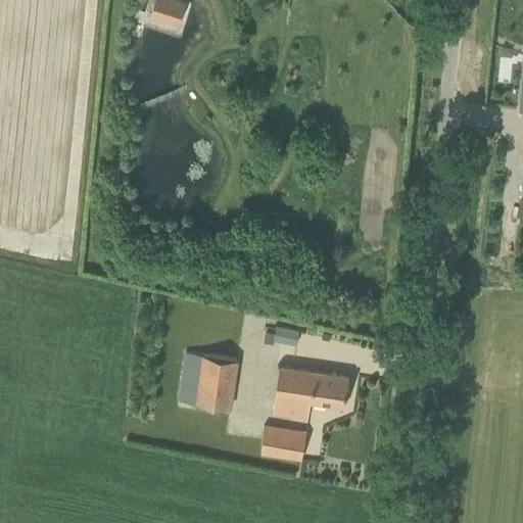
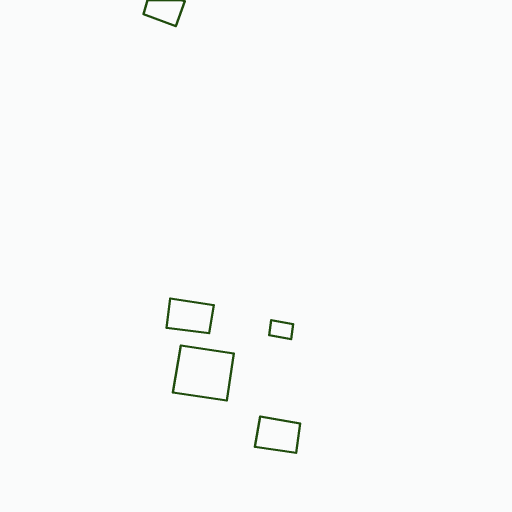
building: none -> [167,299,214,333]
building: [275,365,349,420] -> none

